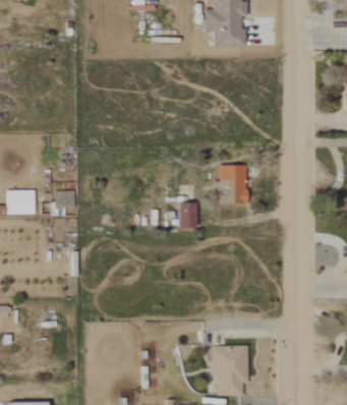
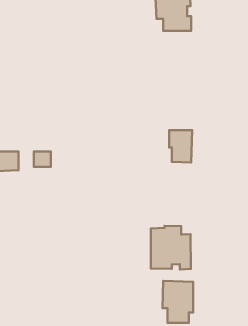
building: [178,201,197,227] -> none
building: none -> [151,226,191,269]

